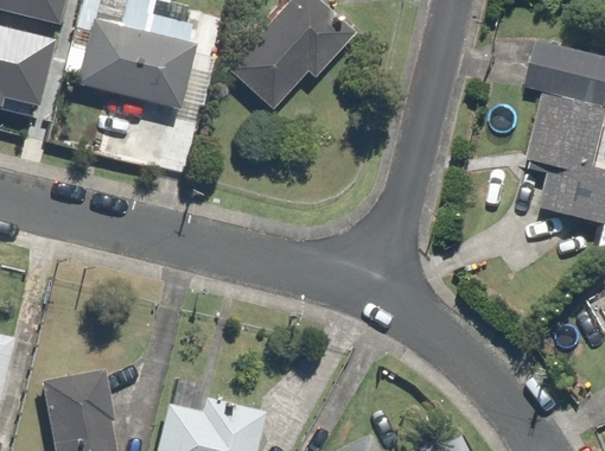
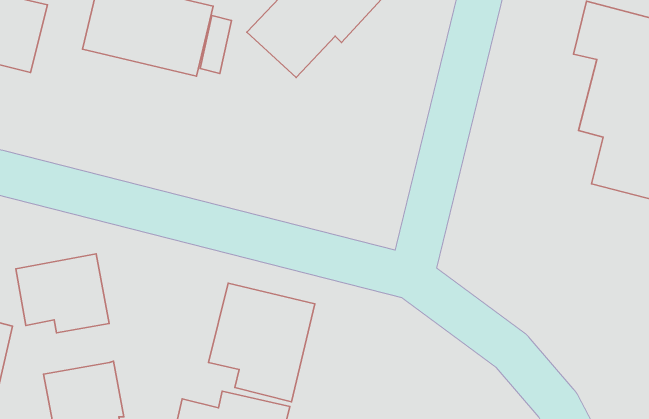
building: none -> [16,254,109,333]
building: none -> [208,283,315,402]

